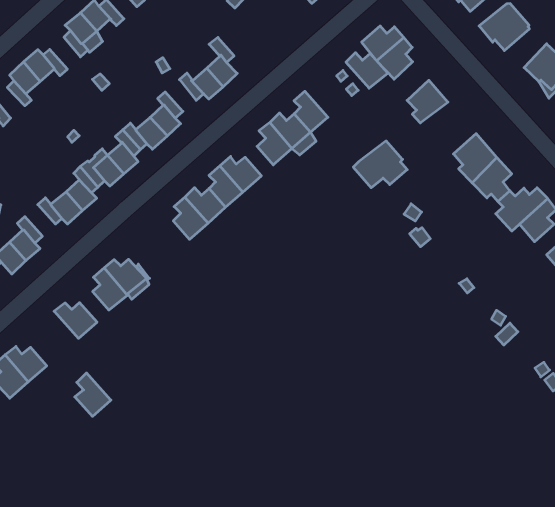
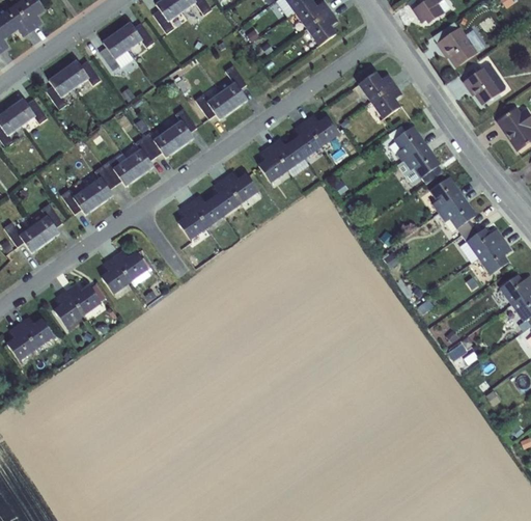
building: [346,53,388,88] -> [304,114,339,146]
building: [353,141,407,188] -> [396,144,443,184]
building: [75,373,111,416] -> [53,290,84,328]

